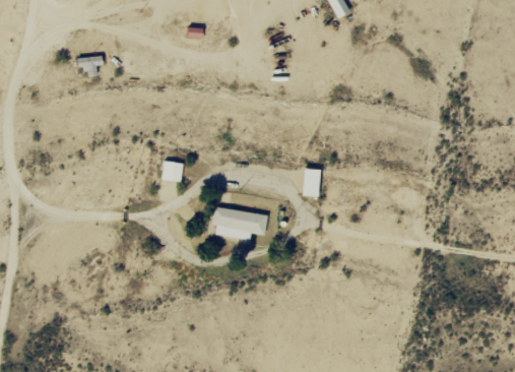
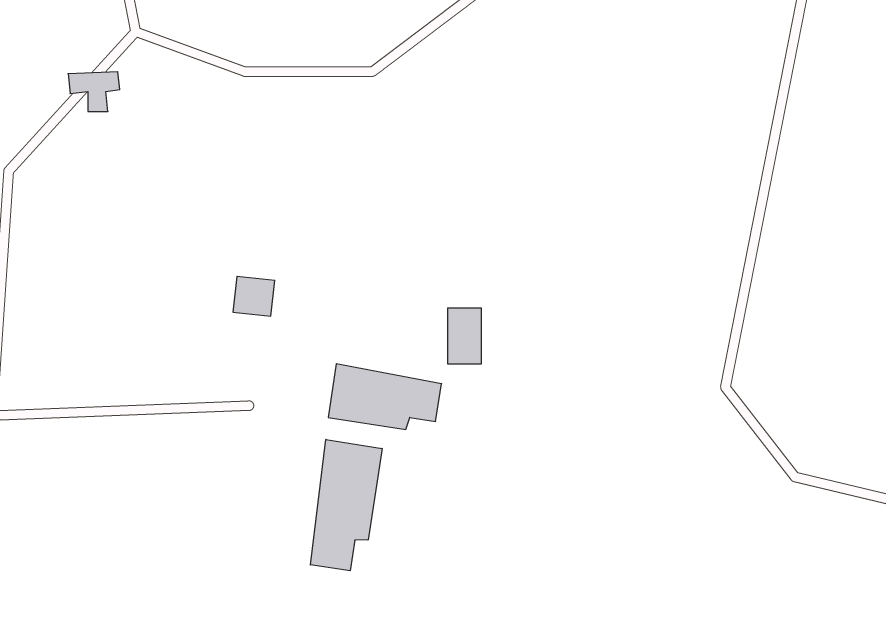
building: [303,168,320,196] -> [448,308,481,364]
building: none -> [310,439,382,571]

